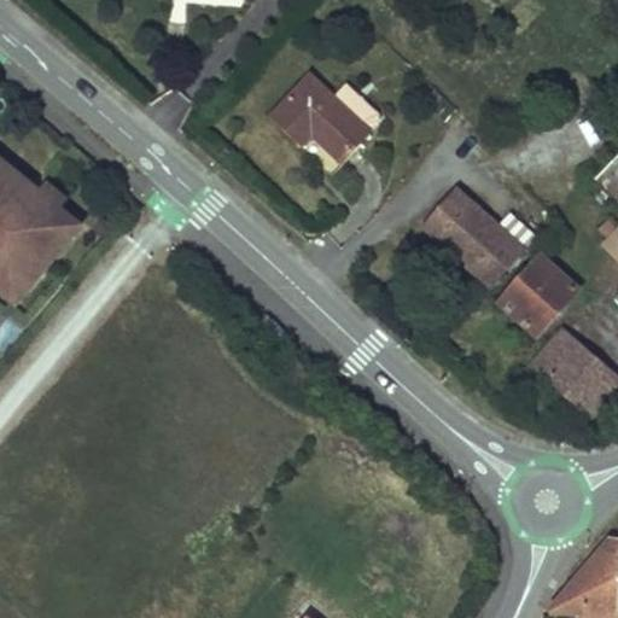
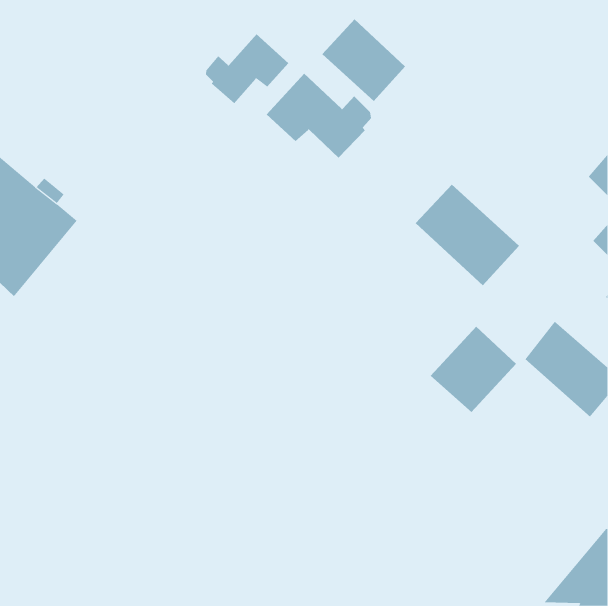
building: none -> [322,19,406,102]
building: none -> [205,33,289,104]
building: [495,252,583,340] -> [430,326,517,413]

